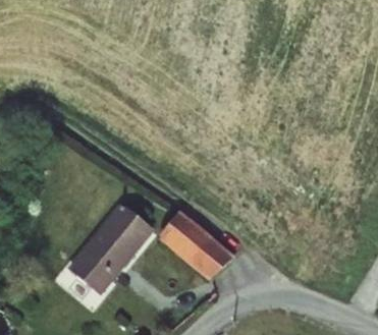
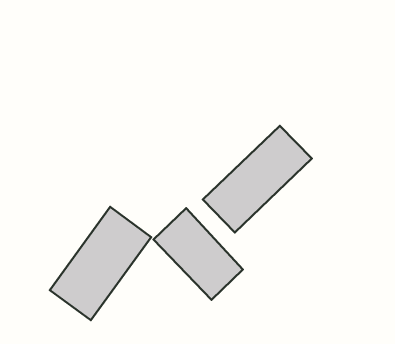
building: none -> [203,126,312,232]

